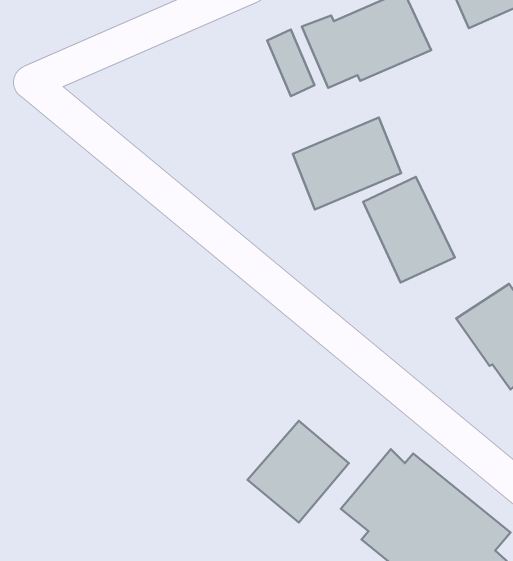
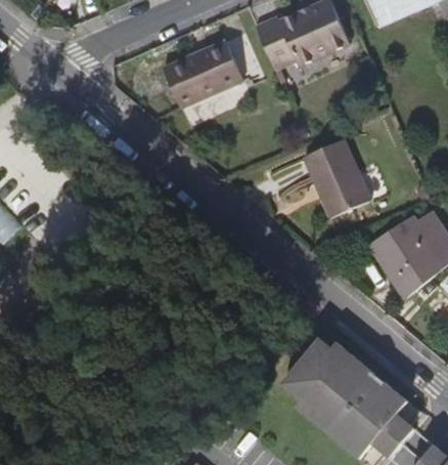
building: [293,118,401,209] -> [164,44,243,112]
building: [248,421,349,523] -> none

